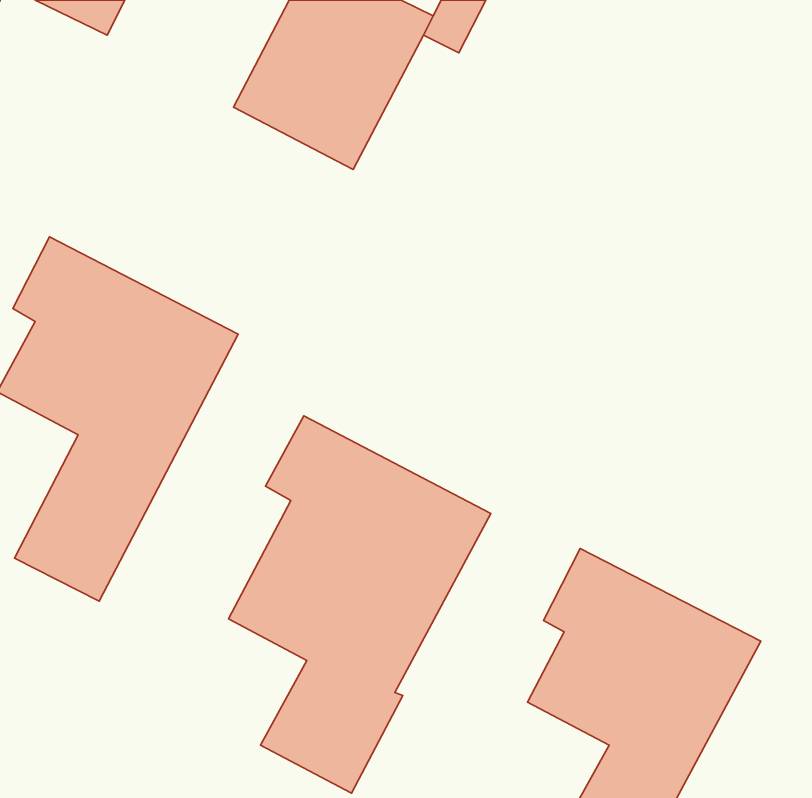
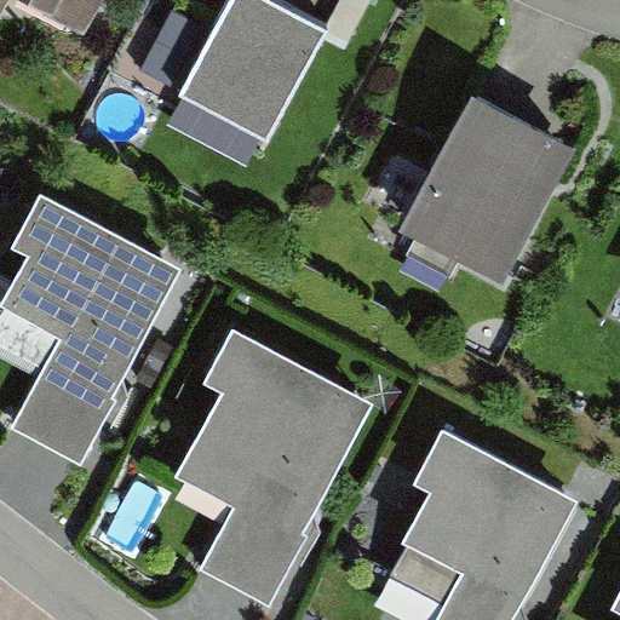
building: none -> [397,88,576,285]

